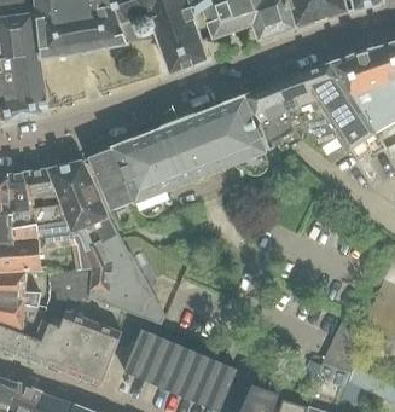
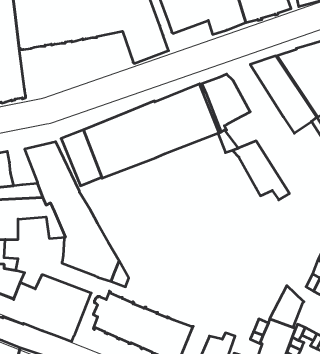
building: [274,74,338,140] -> [233,141,289,200]
building: [28,169,62,209] -> none
building: [50,269,92,301] -> none

